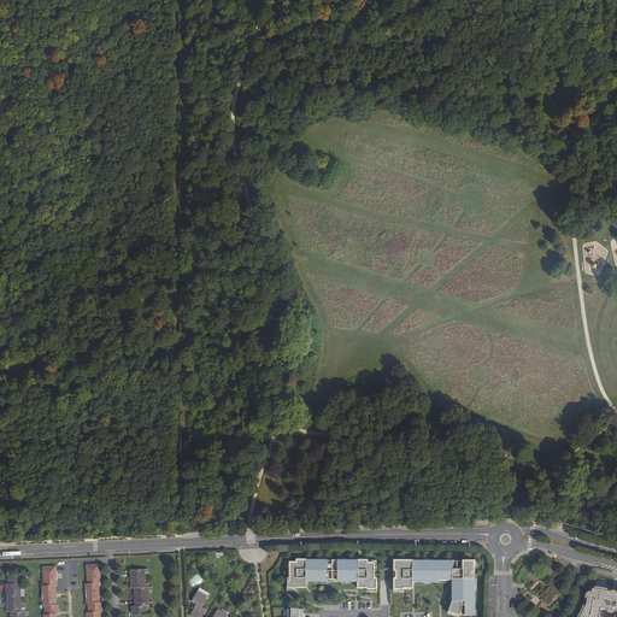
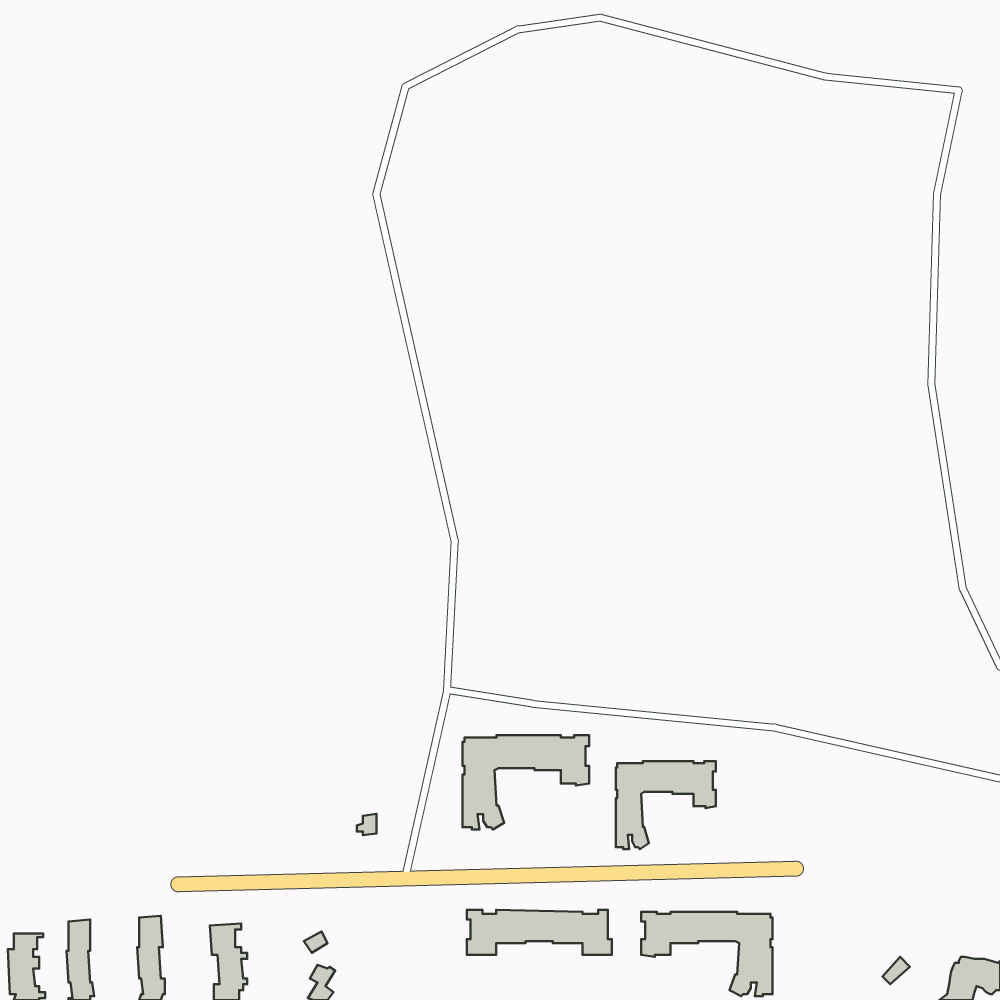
building: none -> [462,735,589,830]
building: none -> [616,761,716,849]

